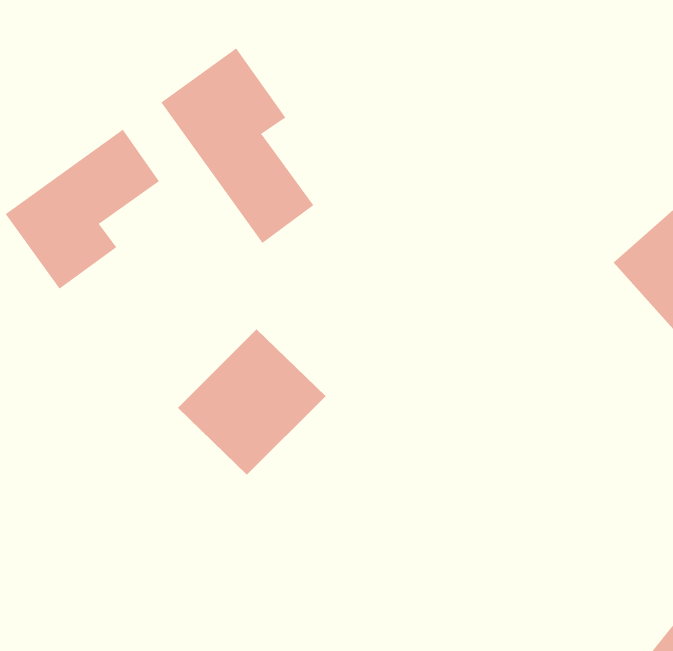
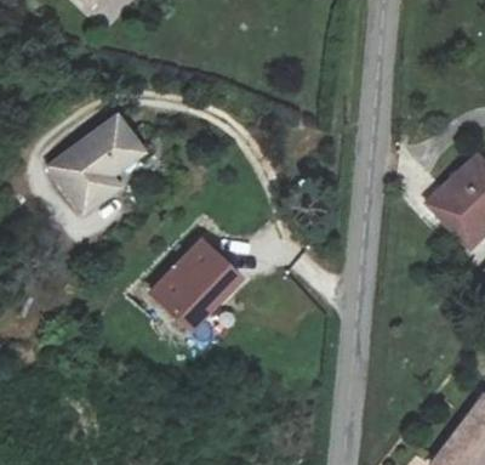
building: [160,47,314,244] -> none

